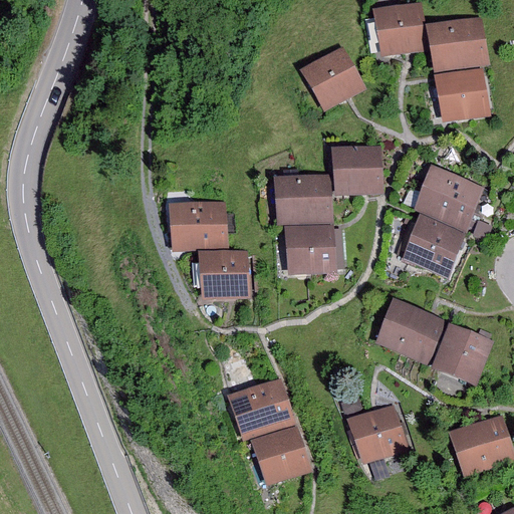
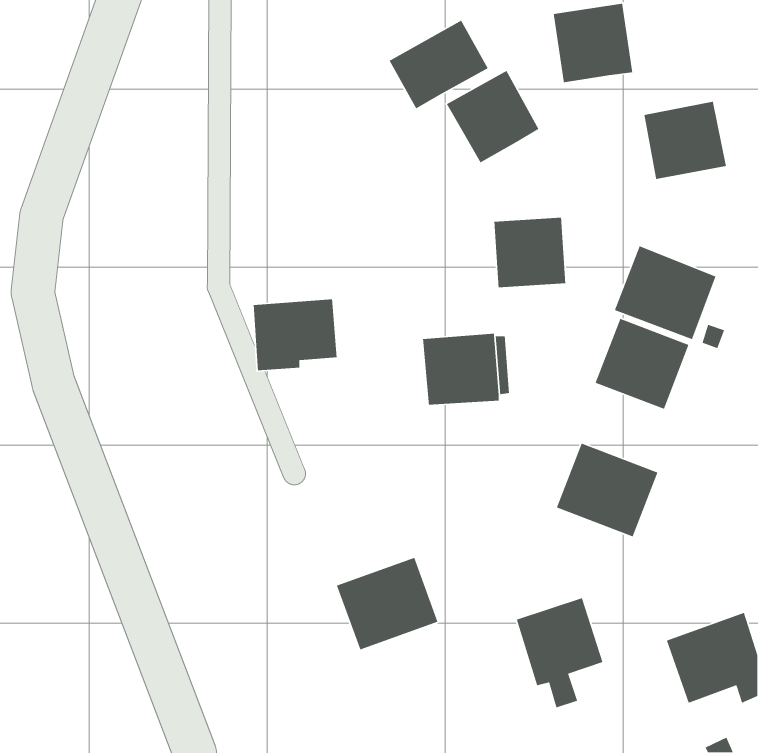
building: none -> [388,19,489,109]
building: [426,17,489,72] -> none
building: [275,175,332,224] -> none
building: [199,250,250,299] -> none
building: [432,324,493,384] -> none
building: [251,427,310,484] -> none

